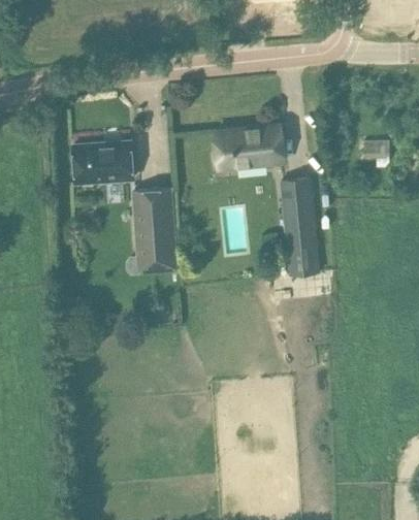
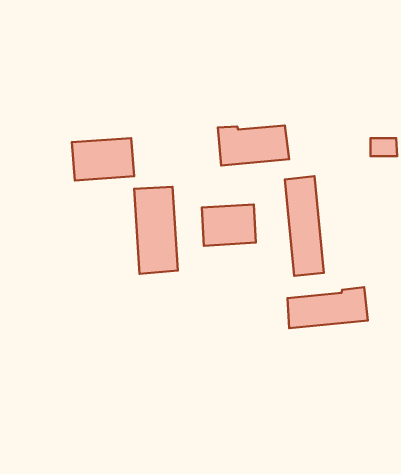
building: none -> [202,204,256,246]
building: none -> [287,287,368,328]

